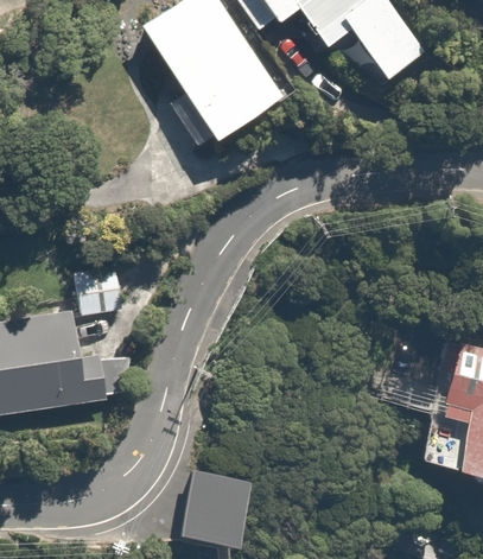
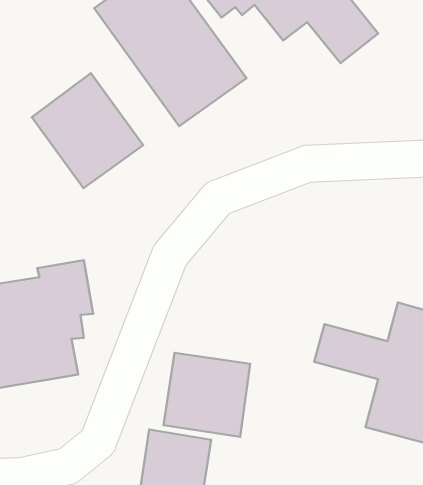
building: none -> [32,73,143,188]
building: none -> [163,353,250,437]

